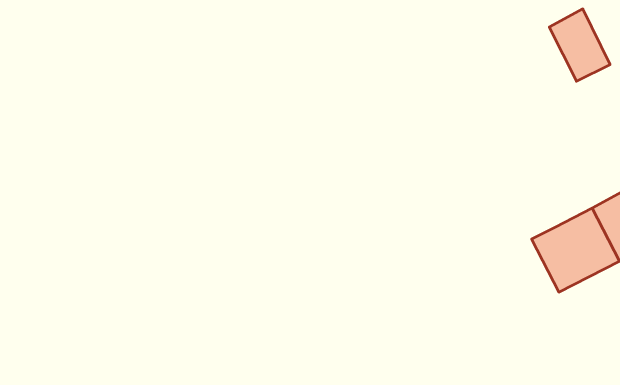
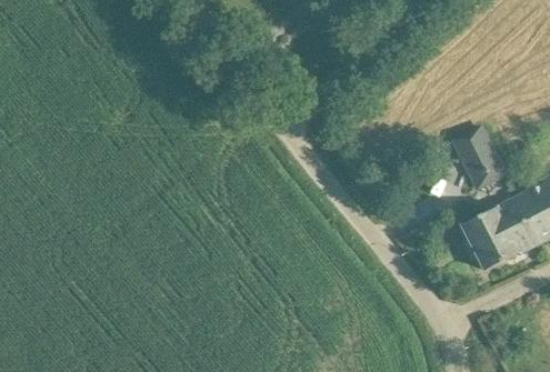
building: [549,9,610,81] -> [451,124,503,187]

